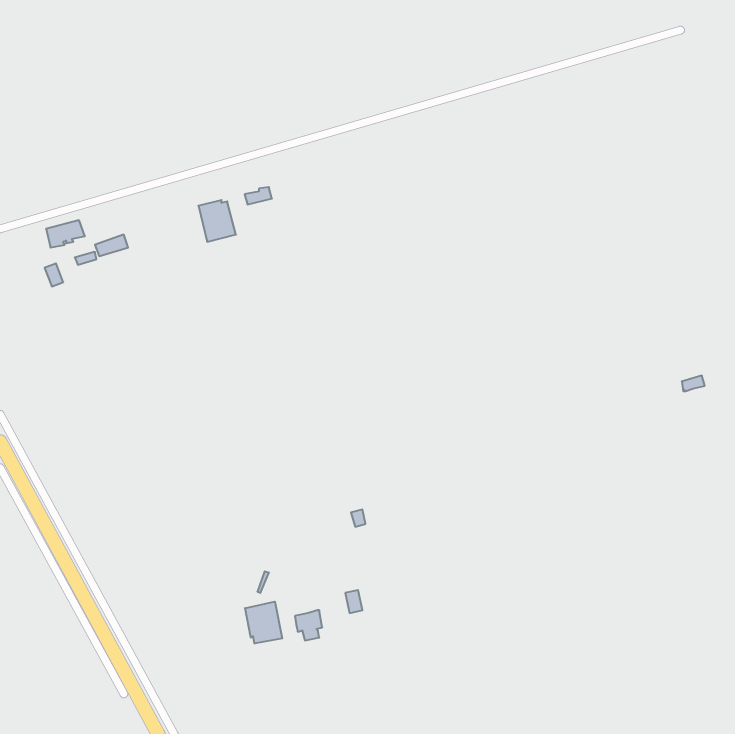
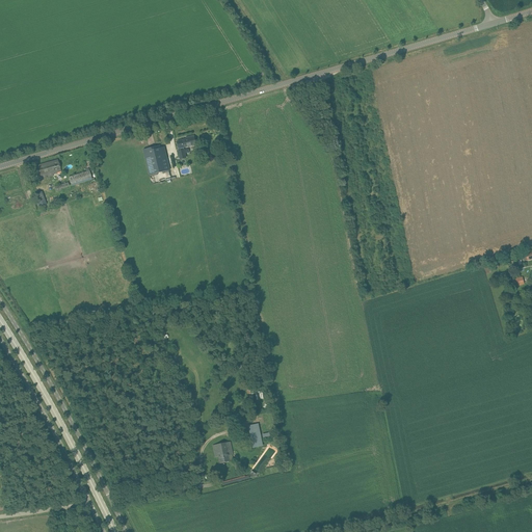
building: [245,602,282,644] -> none

